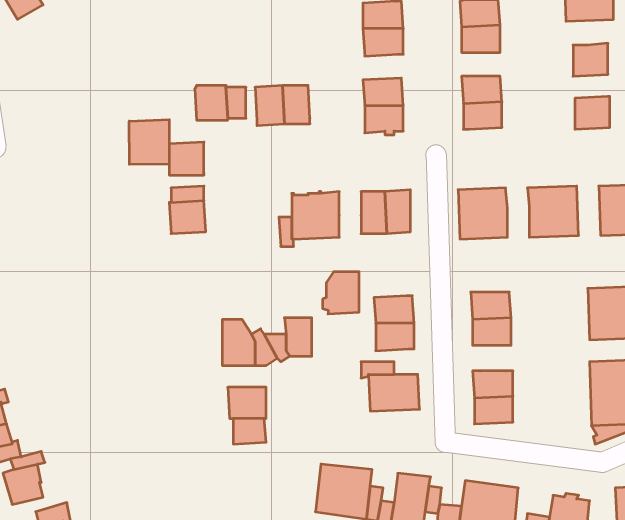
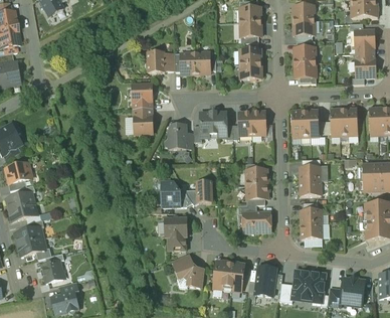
building: [129,120,169,164] -> none
building: [323,272,359,314] -> [166,124,186,147]
building: none -> [172,253,203,286]

